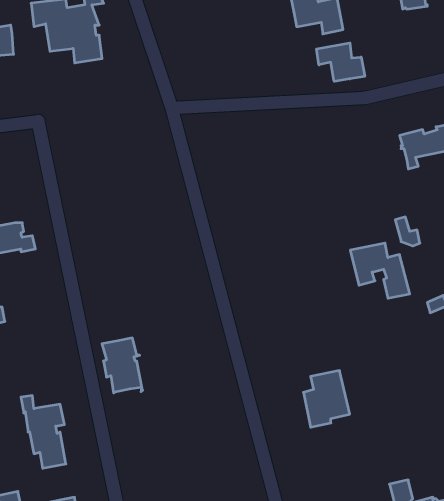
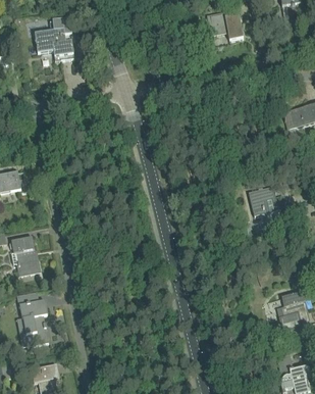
building: [317,43,365,81] -> none
building: [102,338,143,393] -> [10,237,39,276]
building: [303,371,350,427] -> [276,292,309,332]

